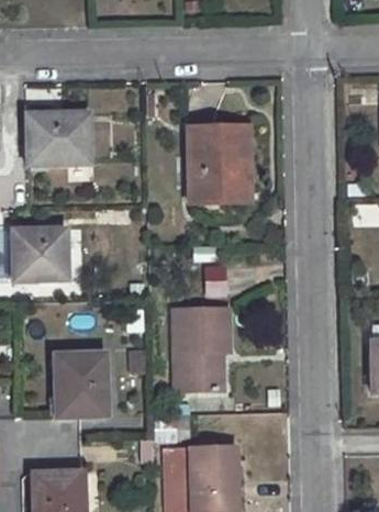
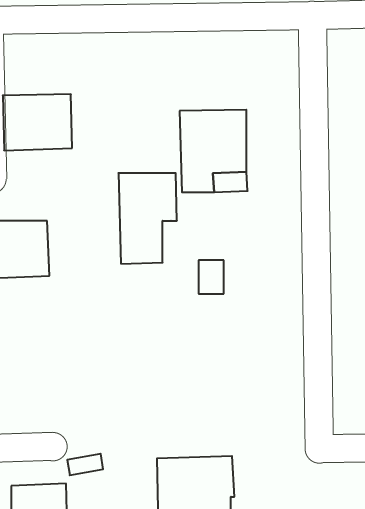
building: [175,308,228,391] -> [118,173,177,264]
building: [55,353,108,418] -> none

